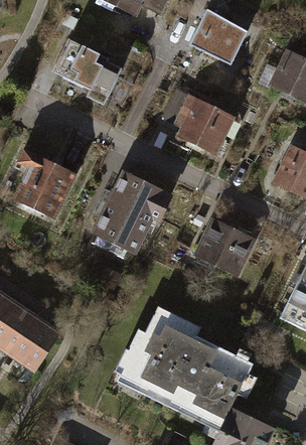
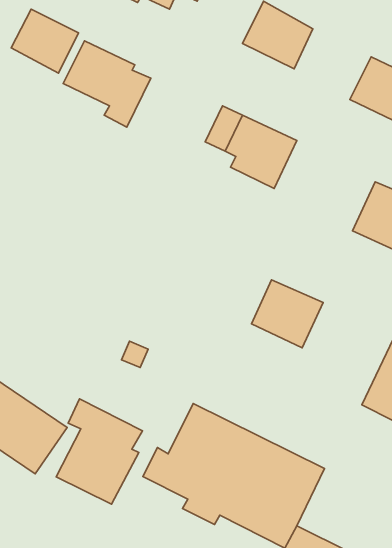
building: none -> [11,9,79,73]
building: [15,150,74,215] -> none
building: [93,174,170,252] -> none
building: none -> [56,399,143,504]

